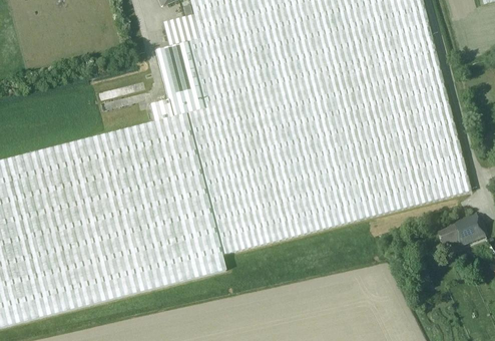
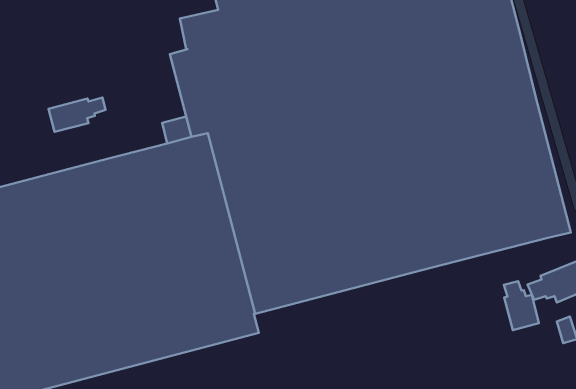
building: none -> [49,97,106,132]
building: none -> [504,281,539,330]

